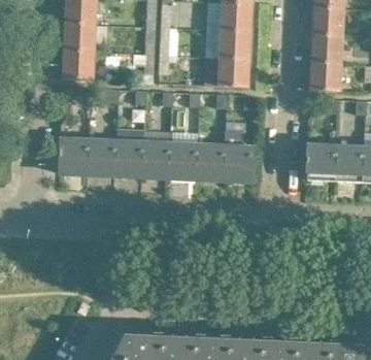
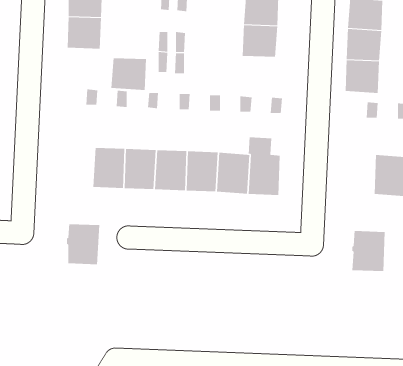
building: [62,50,94,78] -> [111,58,147,91]
building: [217,57,248,86] -> none
building: [59,136,89,172] -> [66,224,100,265]
building: [306,142,336,178] -> [352,231,385,272]

